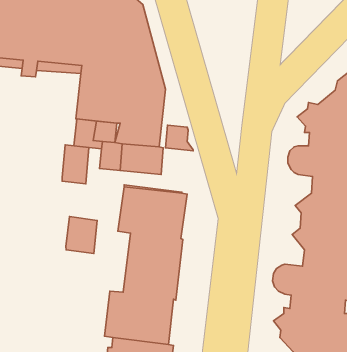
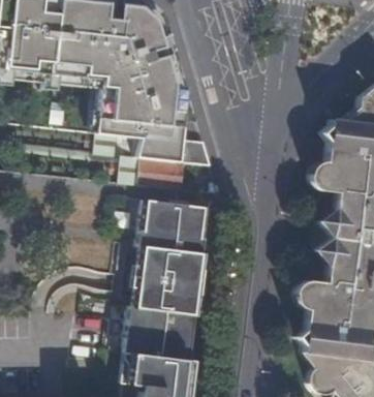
building: [62,145,89,184] -> none
building: [66,217,97,254] -> none

